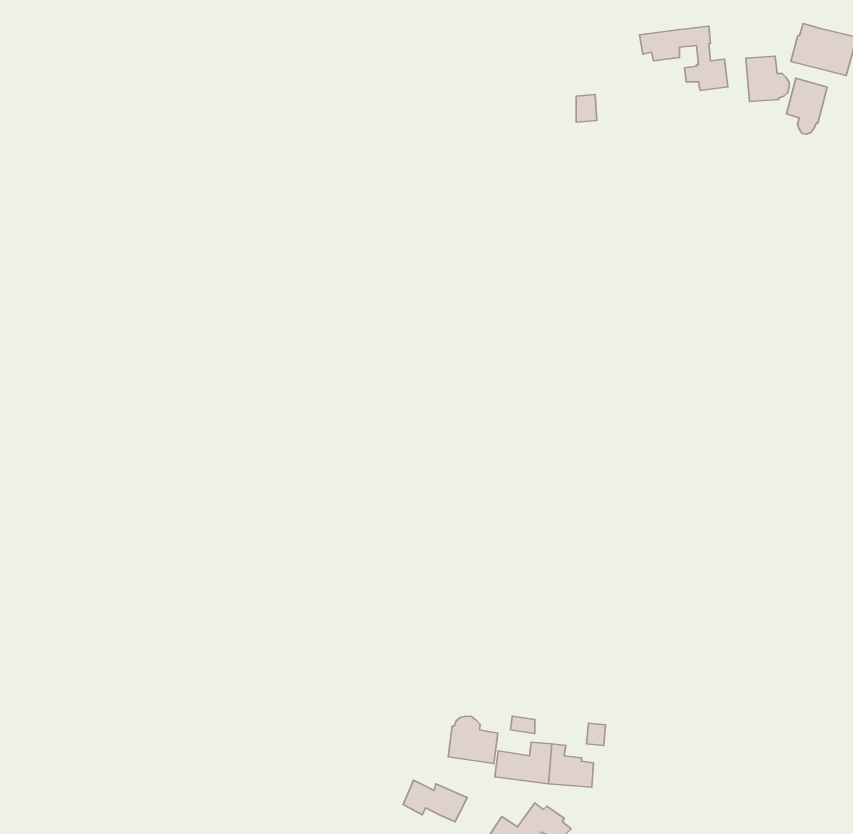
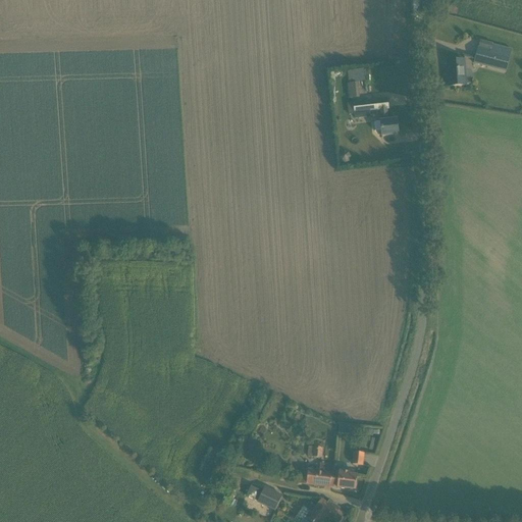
building: [640,26,728,90] -> [348,97,400,135]
building: [787,78,827,134] -> none
building: [448,716,498,764] -> none

